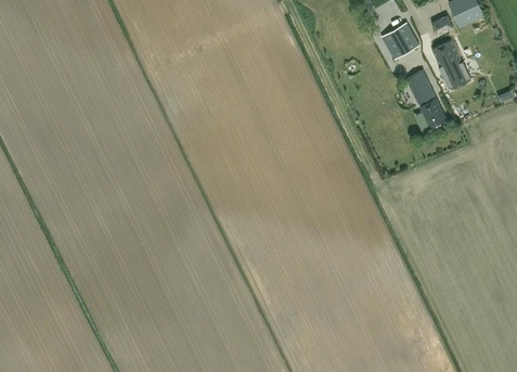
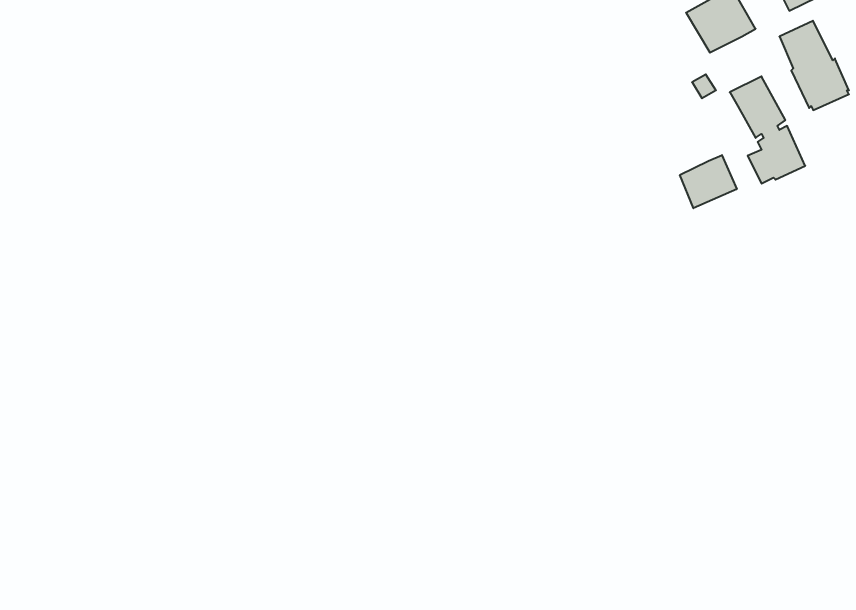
building: none -> [680,155,737,208]

